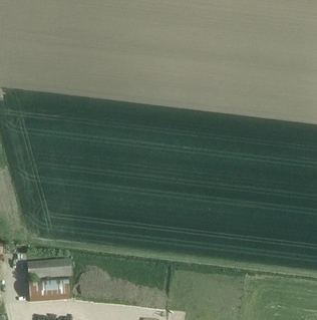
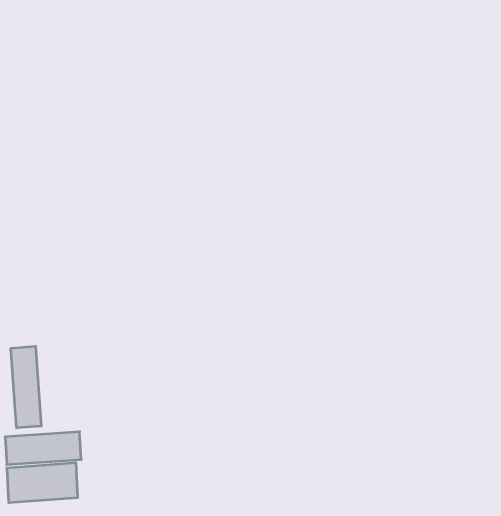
building: none -> [11,346,41,428]

